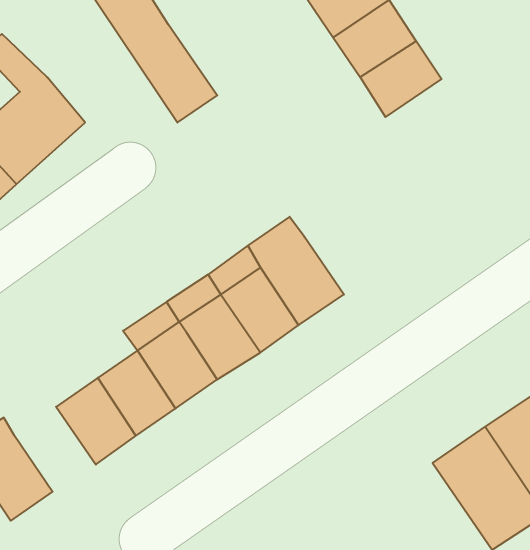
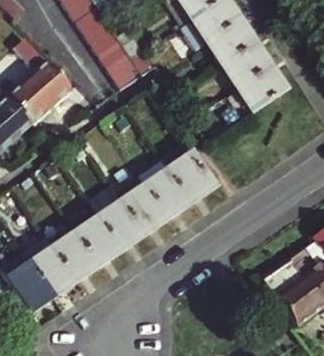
building: none -> [237,65,285,111]
building: none -> [32,246,77,293]

